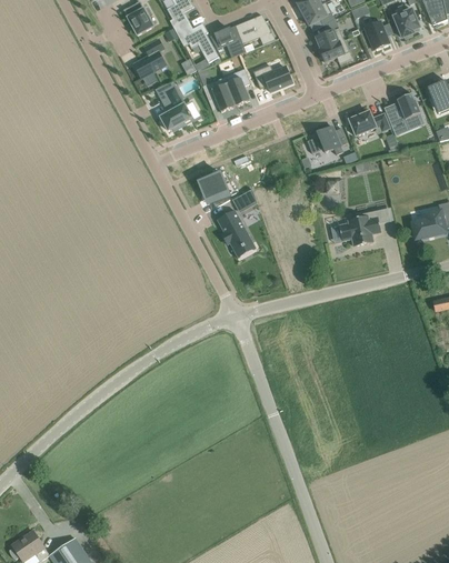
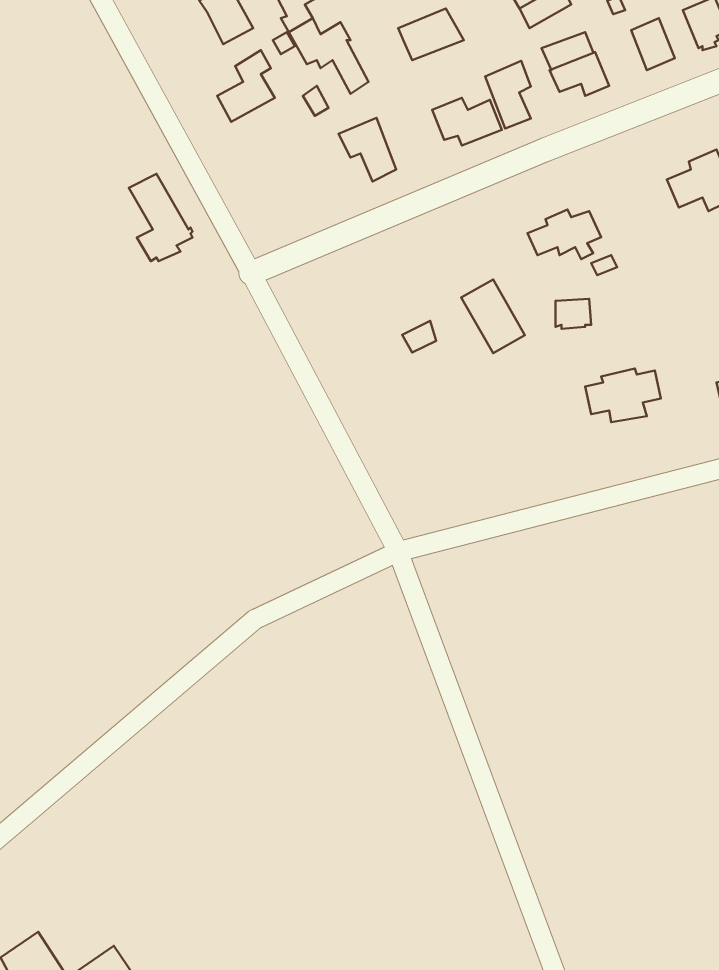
building: [210,26,246,57] -> none
building: [222,67,248,104] -> [485,61,531,128]
building: [156,81,191,130] -> [129,174,192,261]
building: [349,111,390,135] -> none
building: [198,170,233,207] -> none
building: [217,210,252,251] -> [461,279,525,353]

